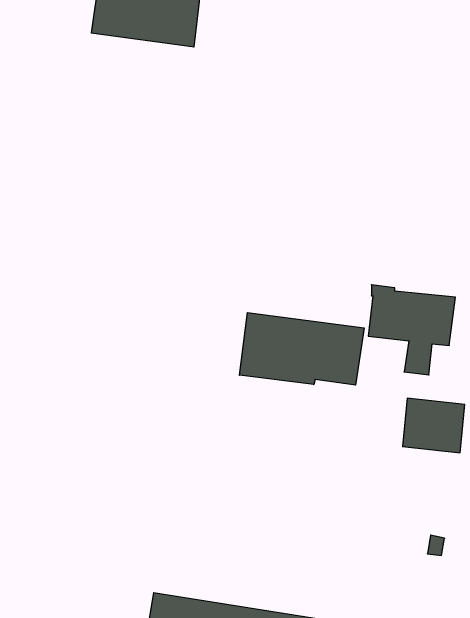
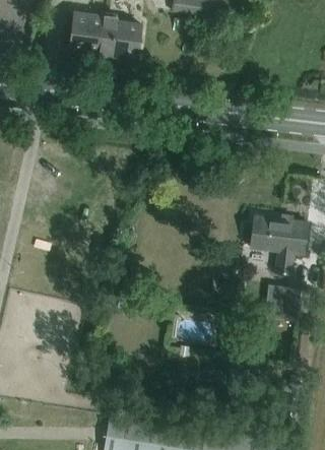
building: [239,313,364,385] -> none

